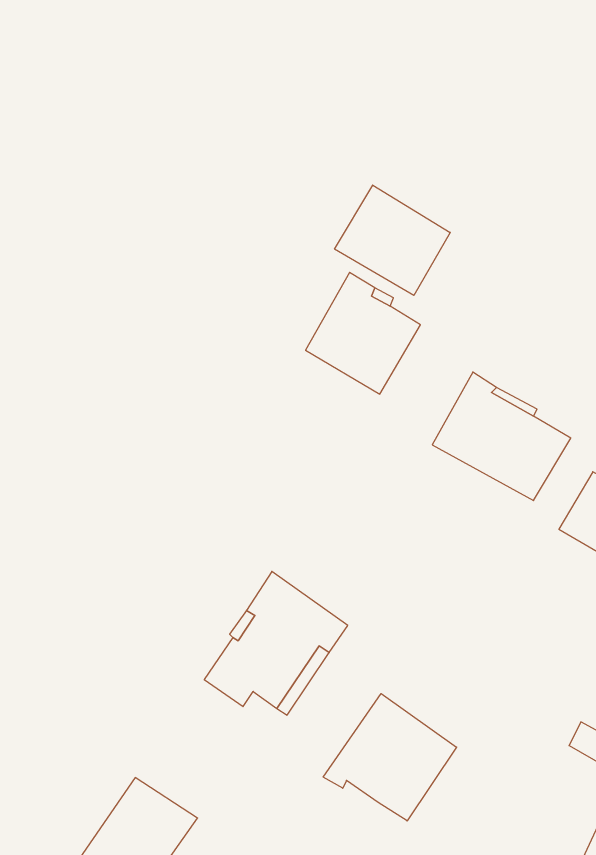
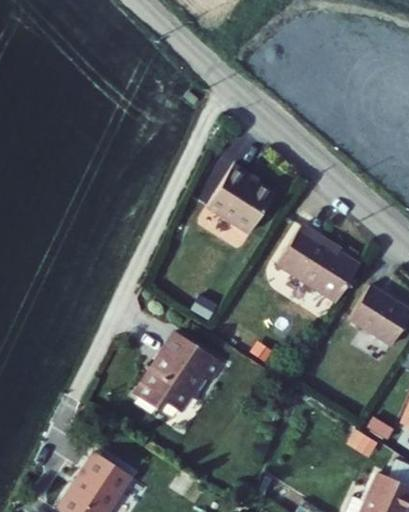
building: [335,185,450,295] -> none
building: [323,694,457,821] -> none

